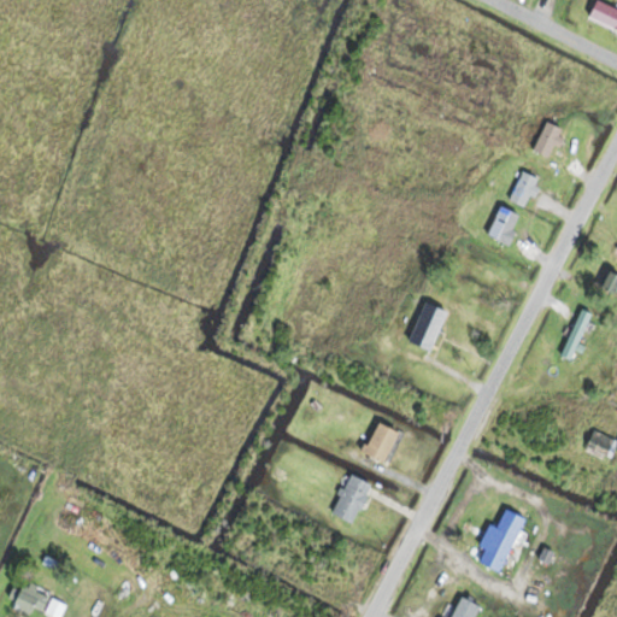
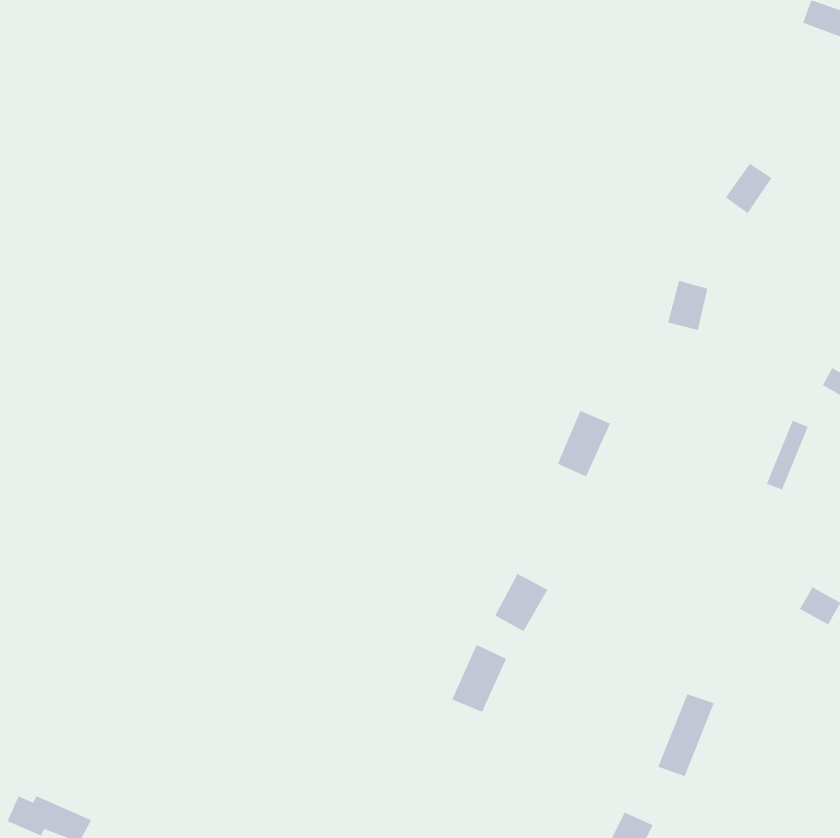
building: [510,171,541,208] -> none

